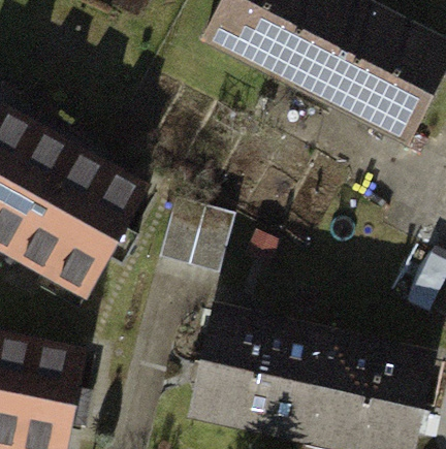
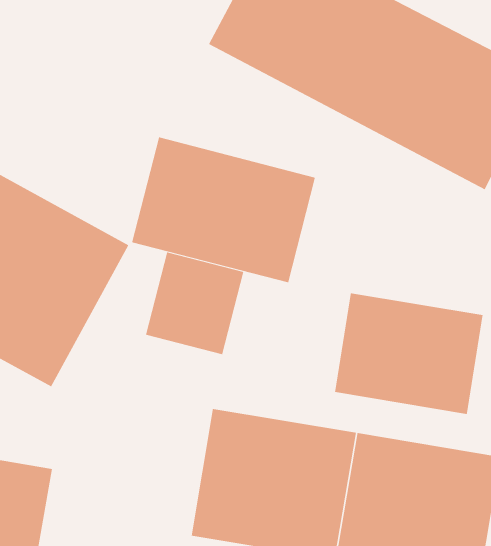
building: none -> [132,137,316,283]
building: none -> [334,292,483,415]

